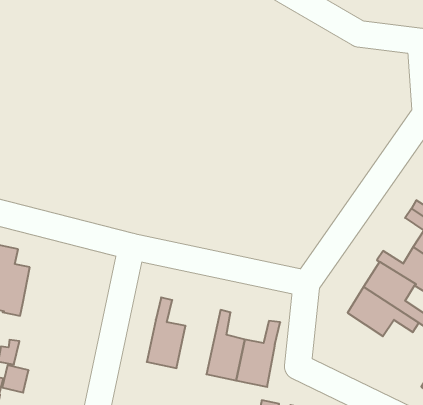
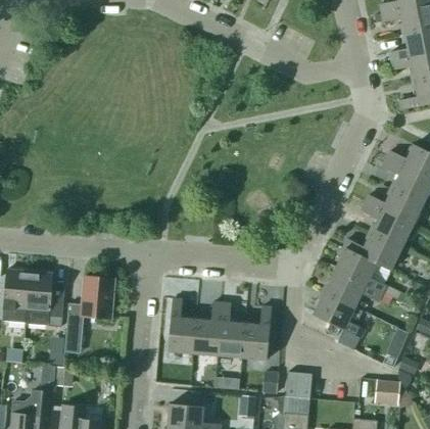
building: none -> [65,276,114,341]
building: none -> [192,301,222,355]
building: none -> [313,292,365,337]

